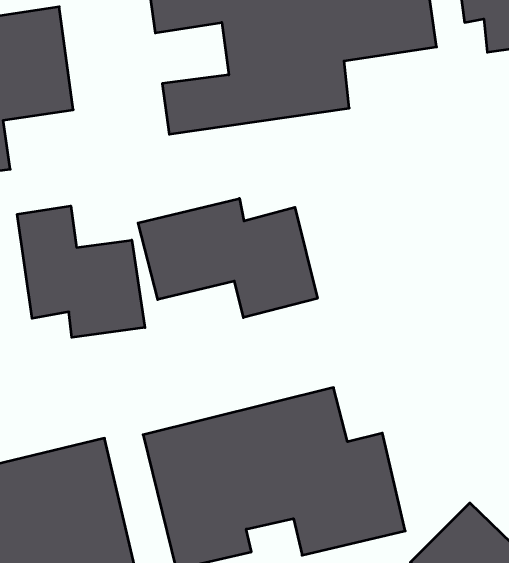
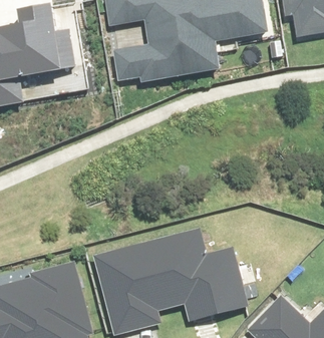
building: [138,198,317,318] -> none
building: [17,206,145,337] -> none

